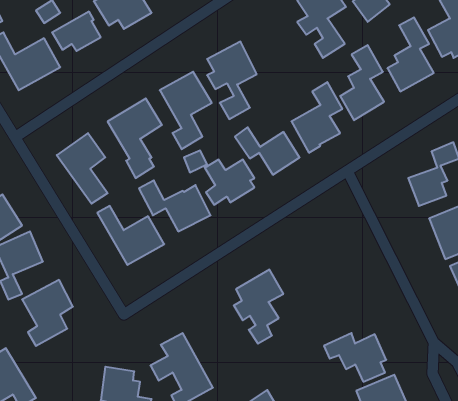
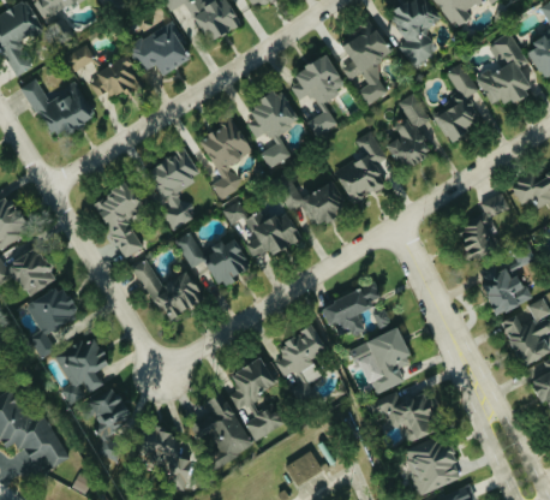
building: none -> [291,54,343,138]
building: none -> [322,282,383,343]
building: none -> [352,329,412,395]
building: none -> [229,357,282,441]
building: none -> [88,388,133,442]

